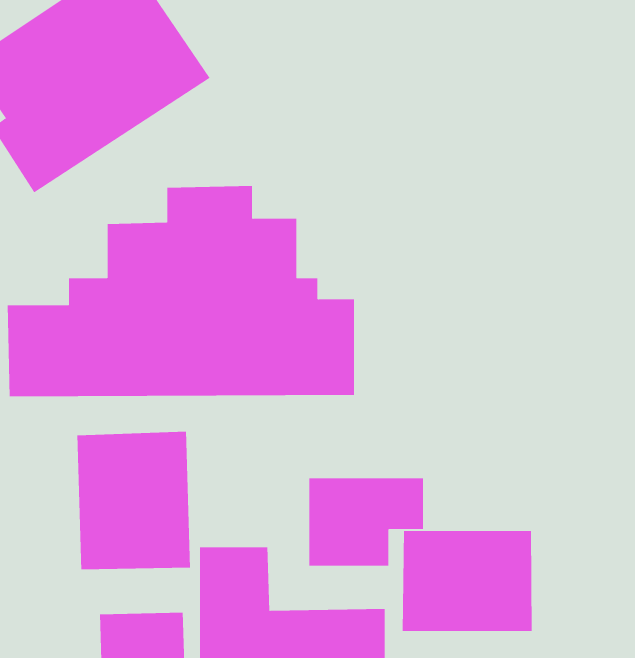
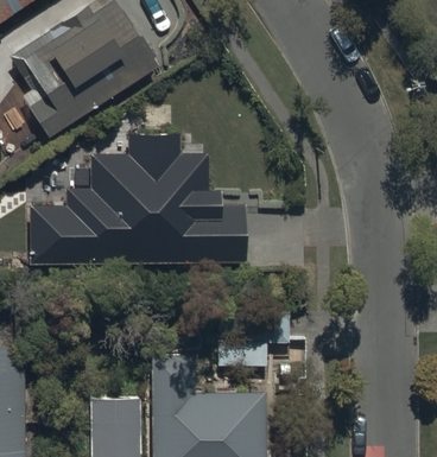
building: [77,431,191,570] -> none
building: [402,530,532,632] -> none

